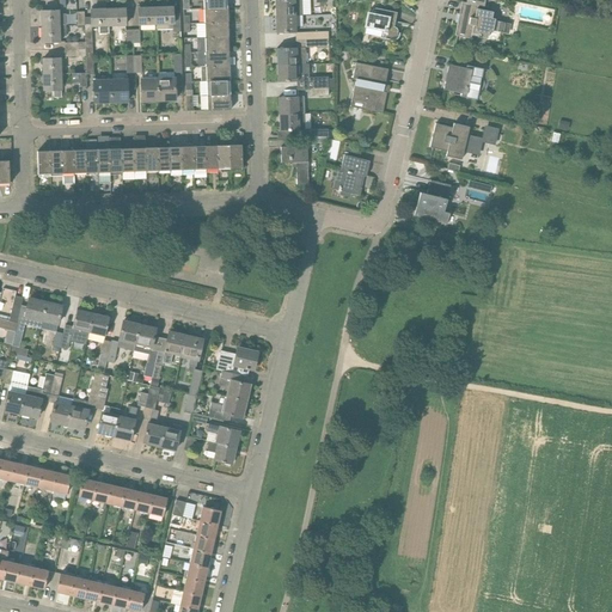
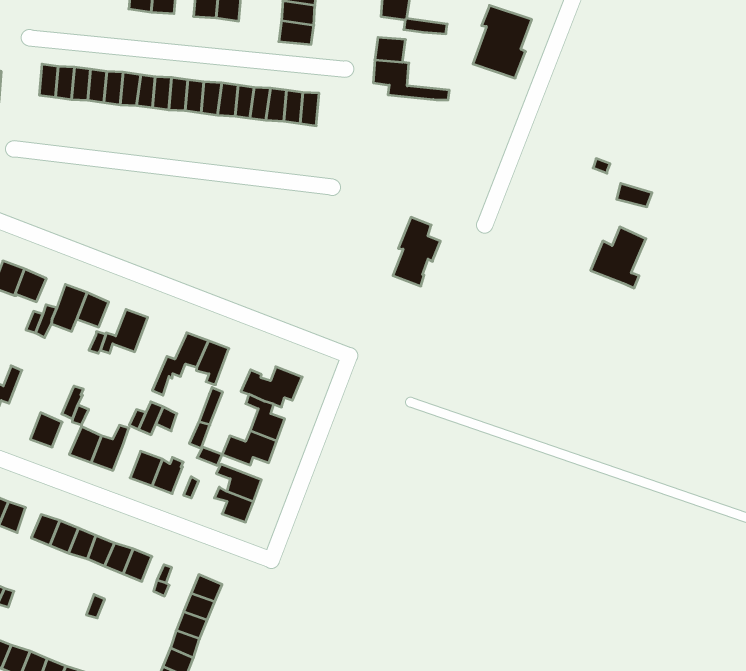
building: [443,63,484,99] -> none
building: [430,123,473,159] -> none
building: [281,146,308,184] -> none
building: [338,146,369,195] -> [393,217,440,286]
building: [414,179,451,222] -> [591,227,646,288]
building: [134,324,158,377] -> none
building: [48,375,72,424] -> none

